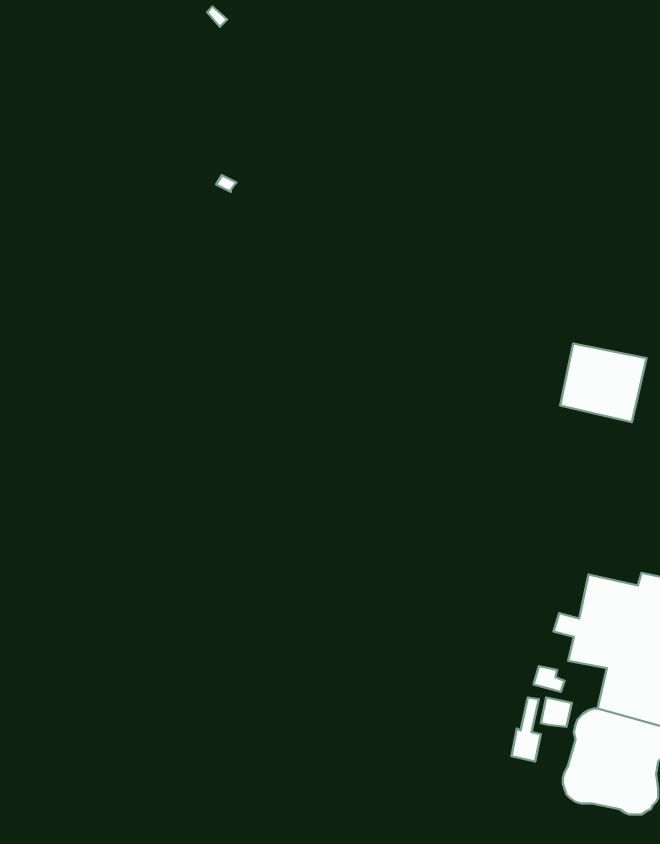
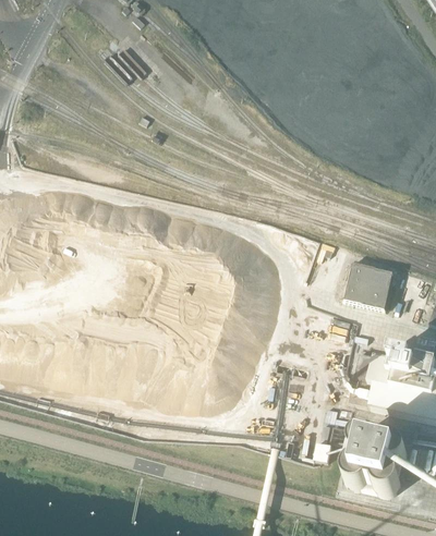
building: [560,343,646,422] -> [343,263,395,309]

